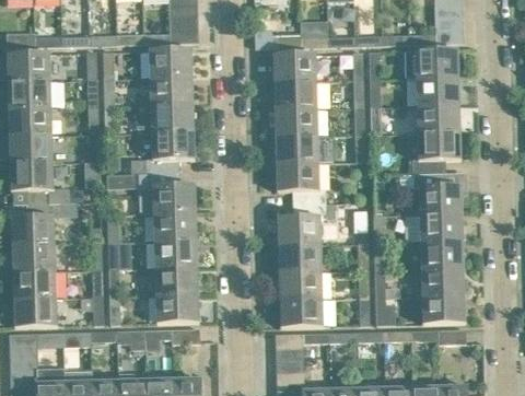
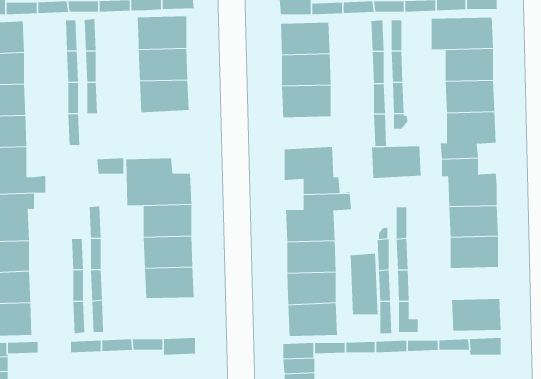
building: [147,129,195,172] -> none
building: [276,135,319,163] -> [371,146,421,178]
building: none -> [350,253,378,315]
building: [421,266,465,294] -> none
building: [156,292,199,322] -> none

